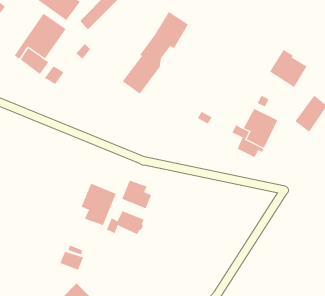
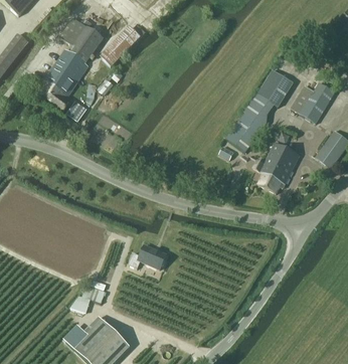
building: [122,11,189,94] -> [226,68,293,151]
building: [122,180,152,209] -> none
building: [81,183,117,226] -> none

